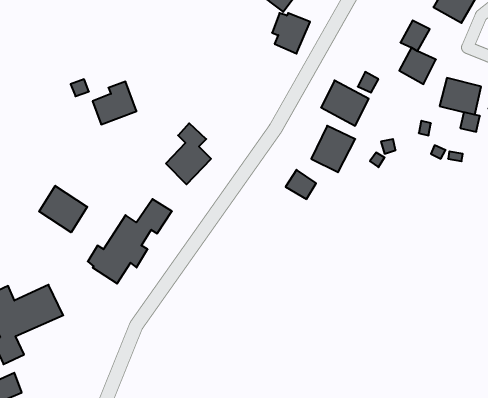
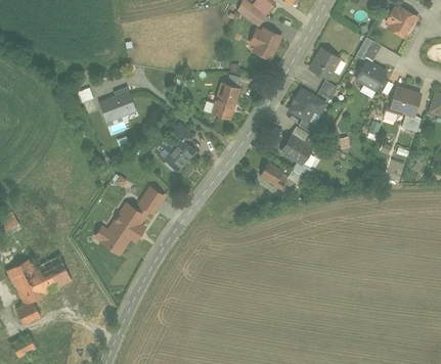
building: none -> [309,46,342,78]
building: none -> [211,83,239,122]
building: [39,186,87,232] -> none

